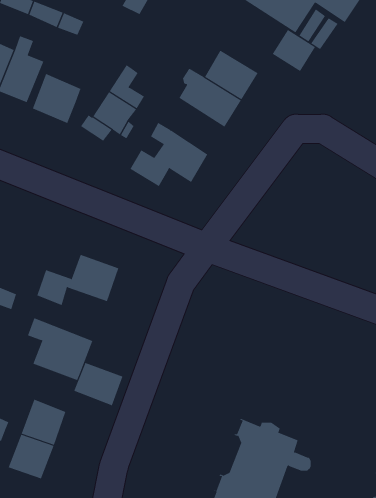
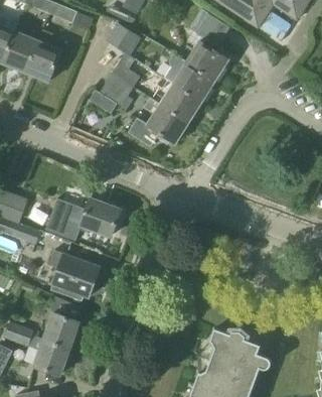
building: none -> [105,23,139,53]
building: [272,29,316,72] -> [195,13,229,46]
building: [32,73,81,124] -> none
building: none -> [156,76,202,122]
building: [73,362,123,406] -> none

